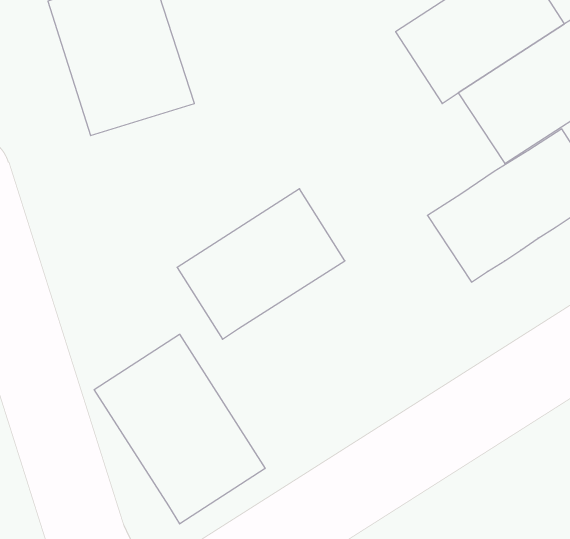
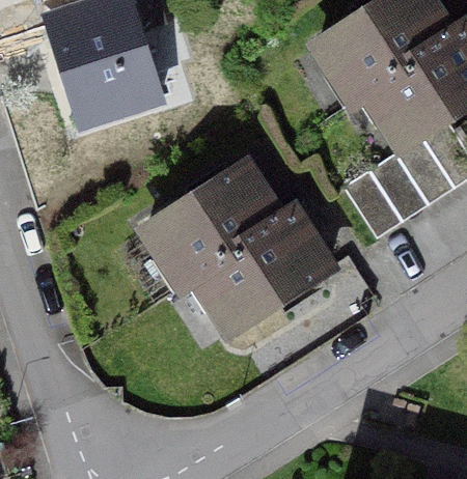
building: none -> [195,213,328,330]
building: [94,334,265,524] -> none

